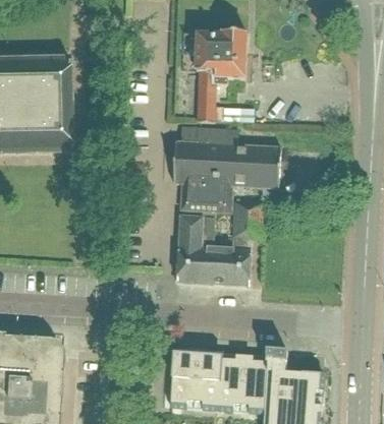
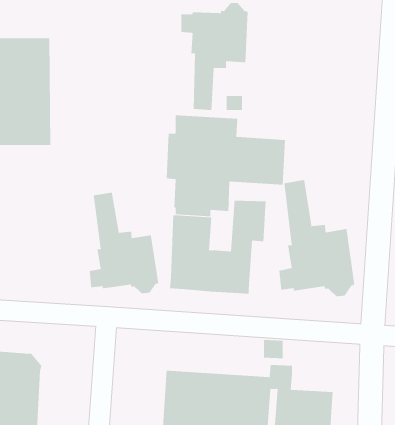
building: none -> [279,179,355,297]
building: none -> [89,192,159,294]

